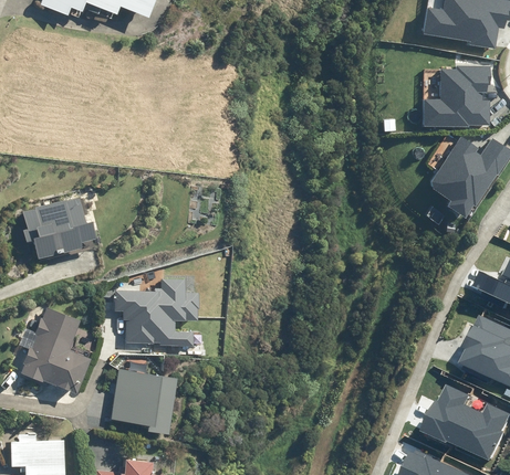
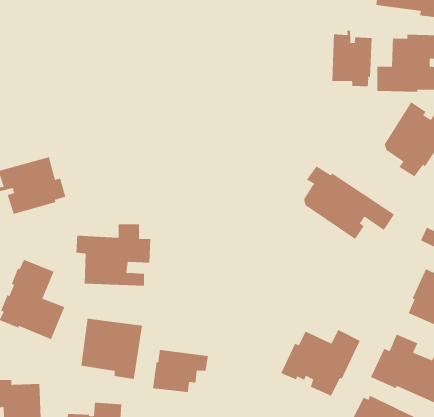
building: none -> [332,30,372,87]
building: none -> [304,166,395,240]
building: none -> [281,329,361,397]
building: none -> [153,349,208,393]

